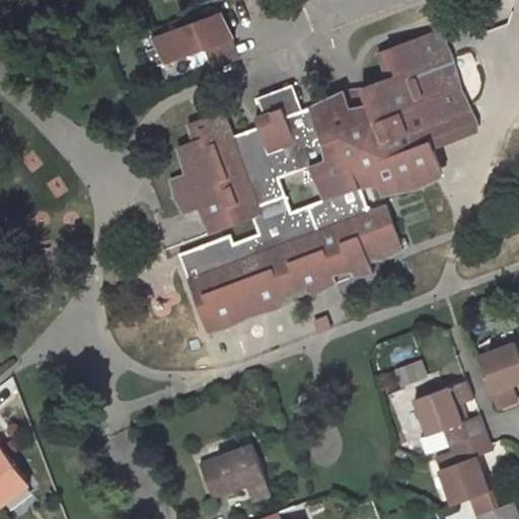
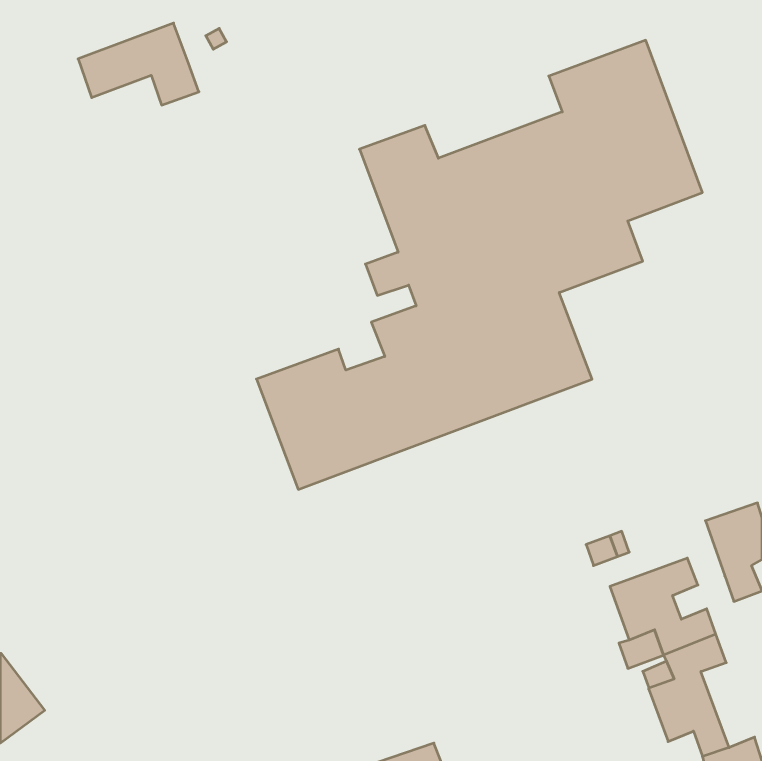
building: [156,13,238,69] -> [78,23,199,105]
building: [166,112,261,236] -> none
building: [200,443,273,502] -> none

